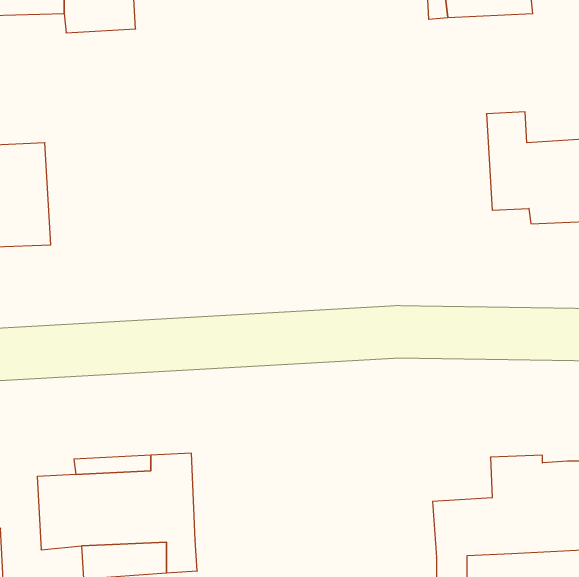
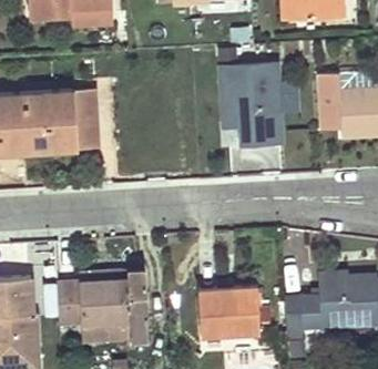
building: none -> [223,64,280,143]
building: none -> [62,89,100,150]
building: none -> [197,285,259,336]

